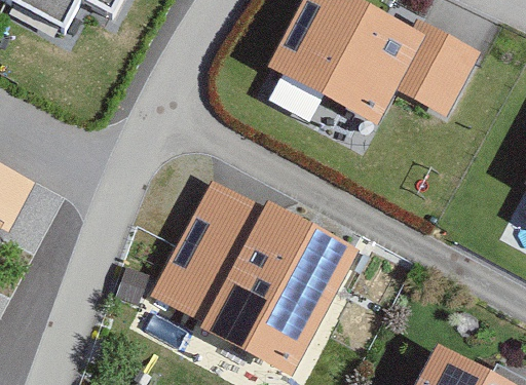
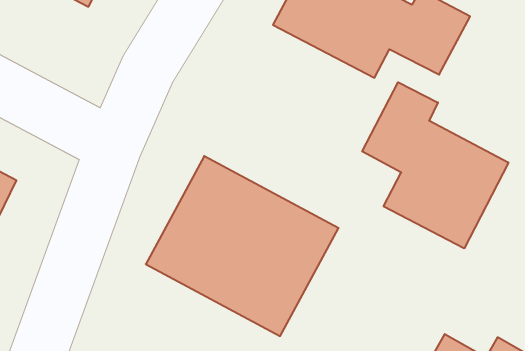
building: none -> [362,82,508,248]

